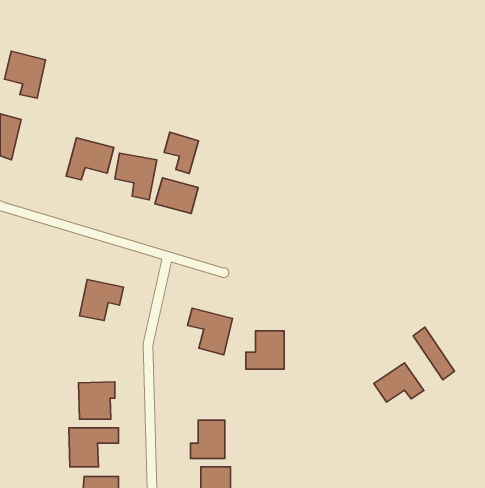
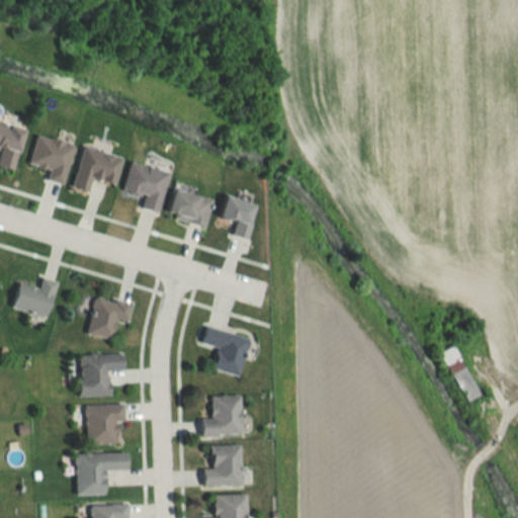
building: [5,51,46,98] -> [31,135,75,184]
building: [164,132,199,173] -> [222,195,258,239]
building: none -> [13,277,59,319]
building: [246,331,284,369] -> [203,397,244,437]
building: none -> [81,354,125,397]
building: [374,363,424,402] -> none

